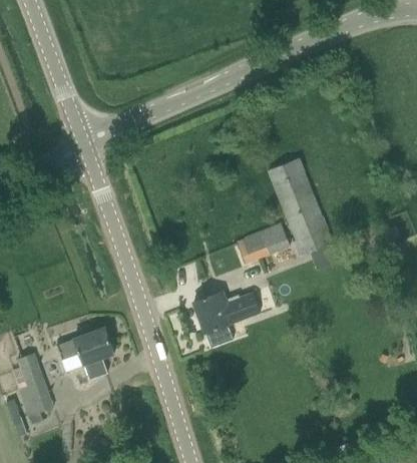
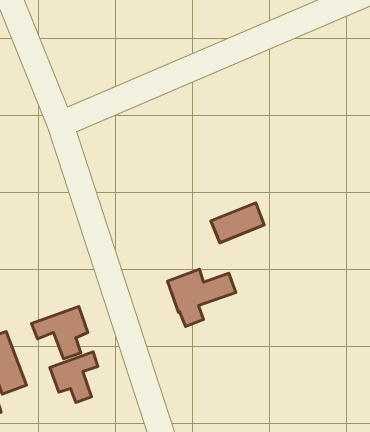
building: [269,157,332,253] -> none
building: none -> [50,352,98,403]

